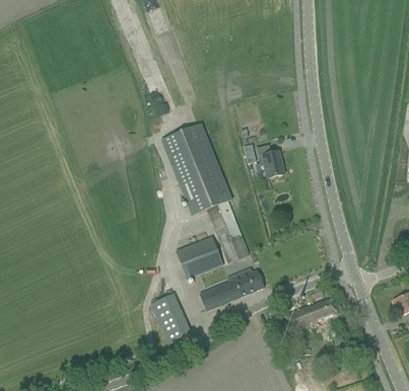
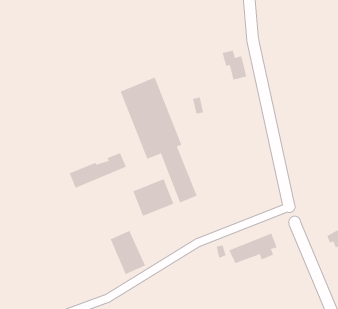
building: [256,144,284,177] -> [222,50,247,80]
building: [199,269,264,310] -> [69,152,127,189]

